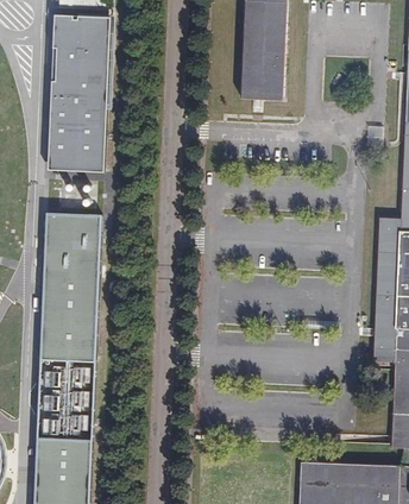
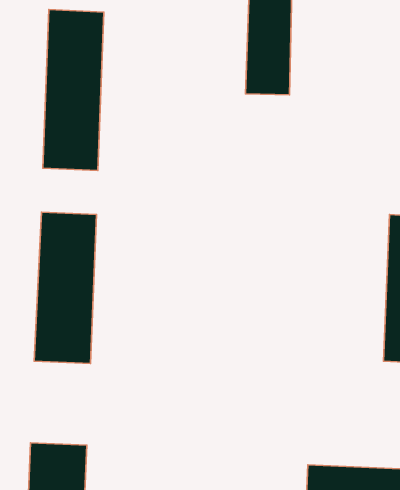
building: [34,358,93,440] -> none

